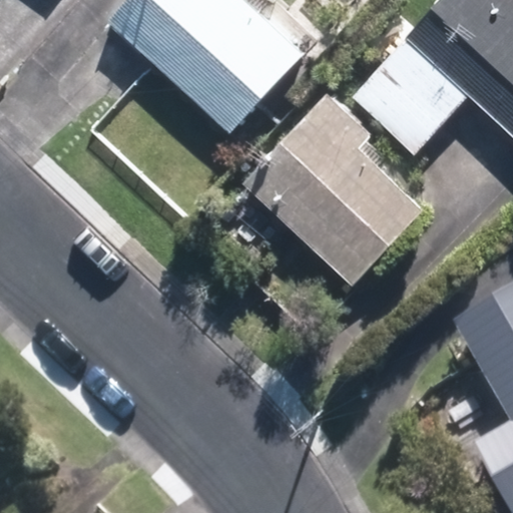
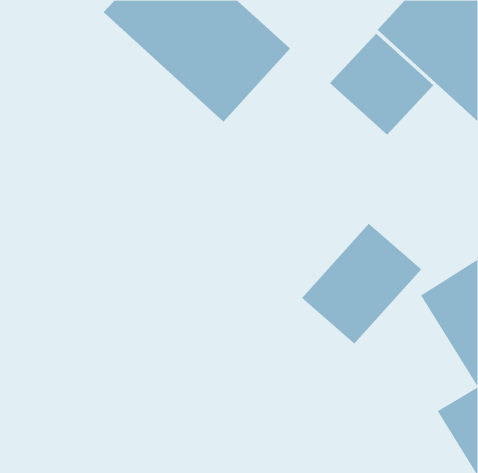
building: [243,90,422,280] -> none
building: none -> [301,223,422,344]

